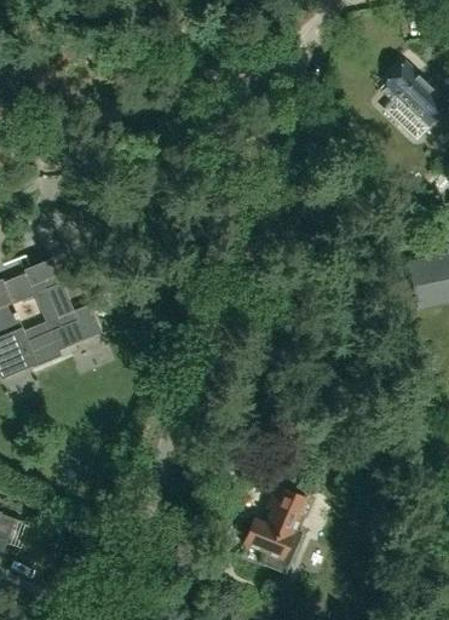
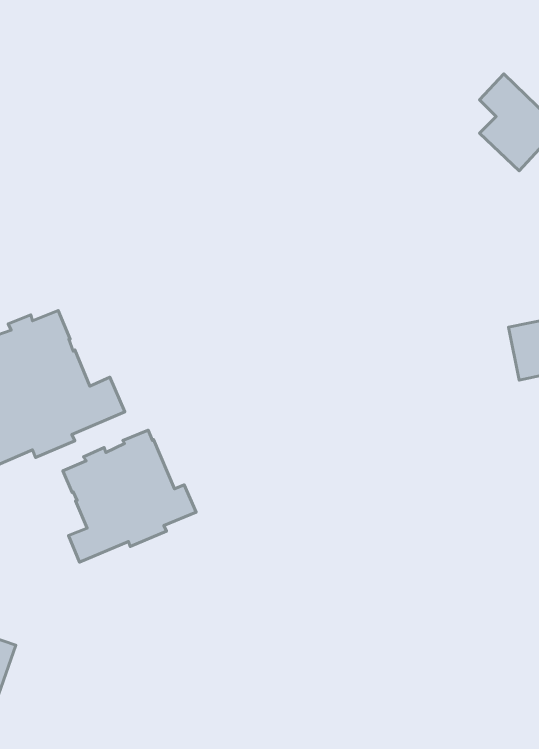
building: none -> [63,430,196,562]
building: [244,489,307,573] -> none

